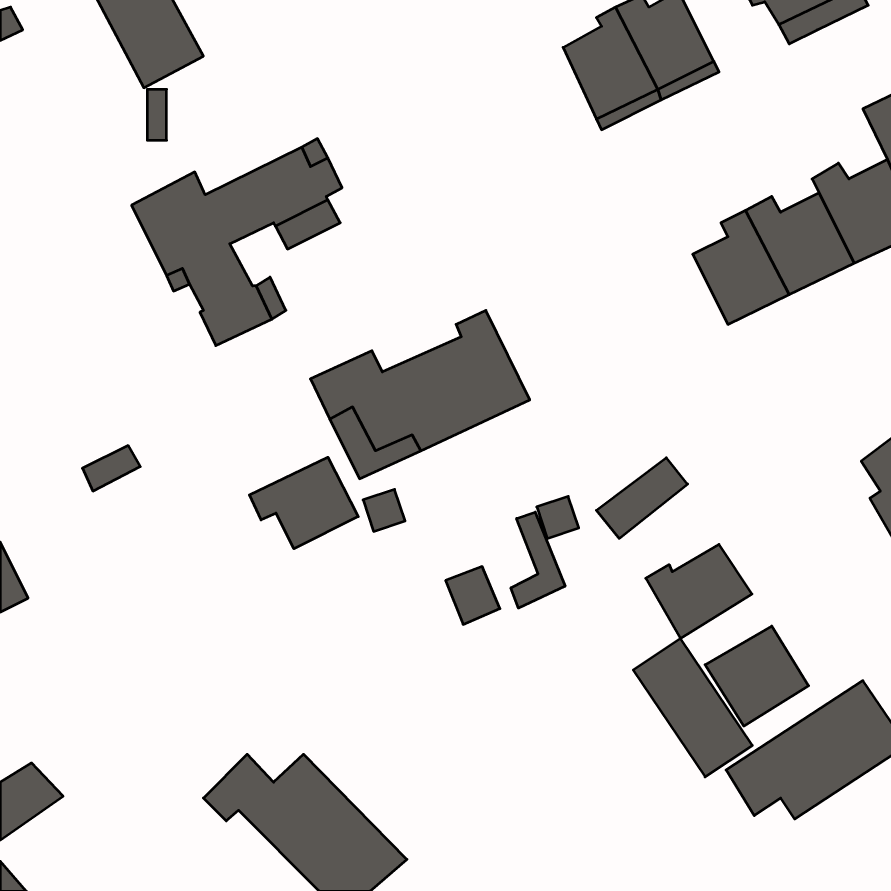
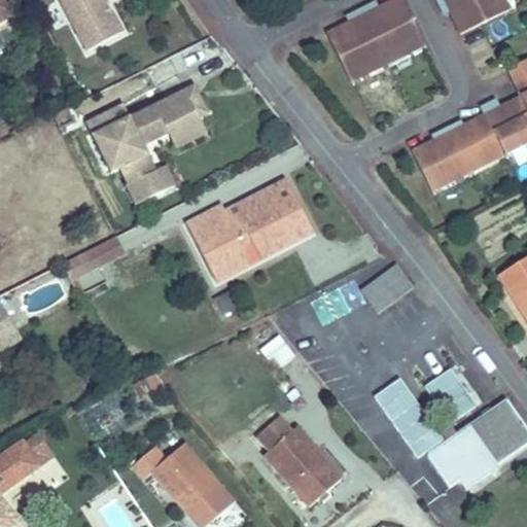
building: [249,457,358,549] -> none
building: [511,512,565,608] -> none
building: [646,544,752,638] -> none
building: none -> [250,416,337,504]

